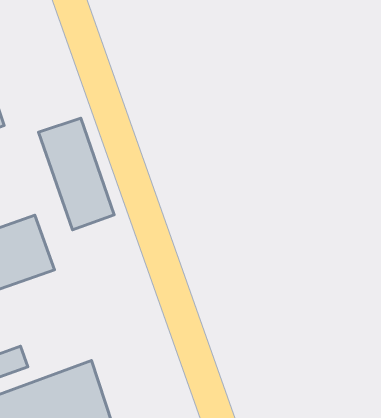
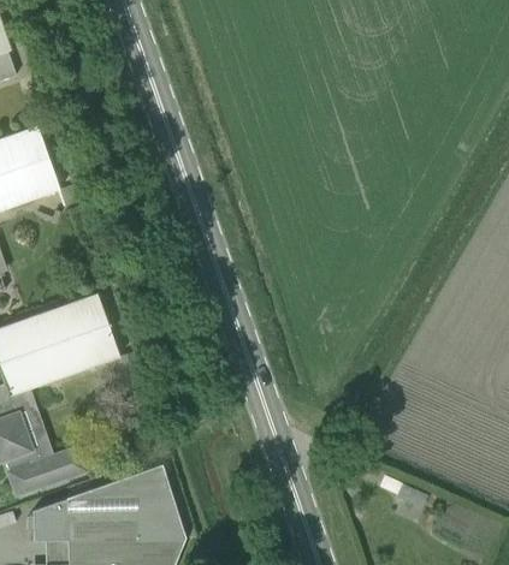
building: [39,118,114,230] -> none

